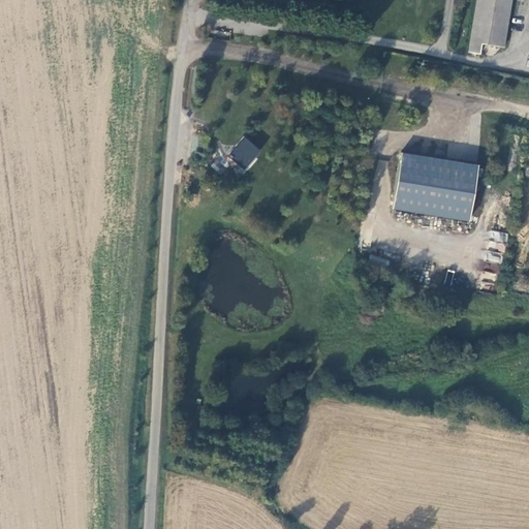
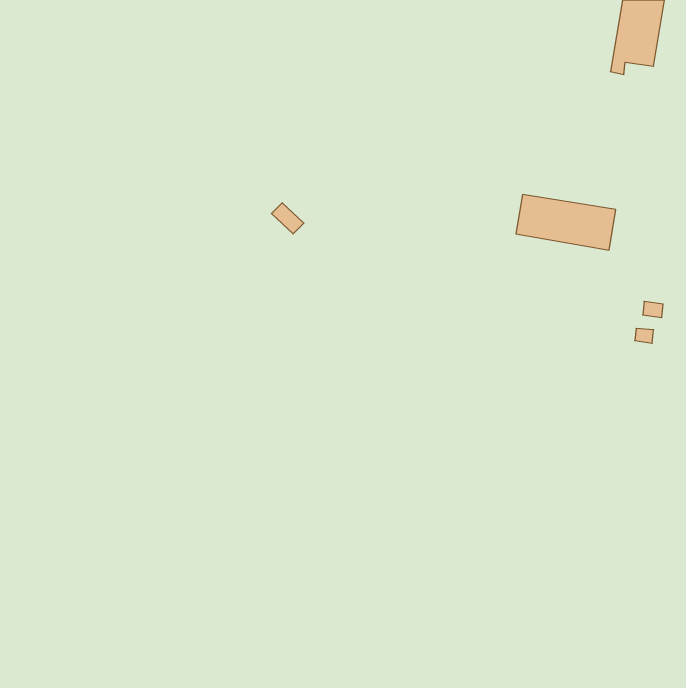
building: [230,138,264,173] -> none
building: [394,181,469,219] -> none

